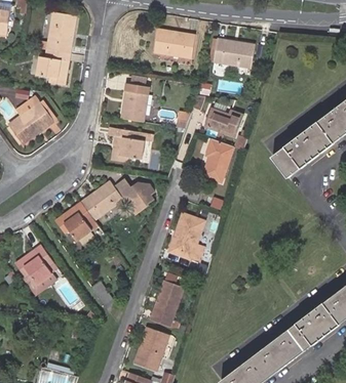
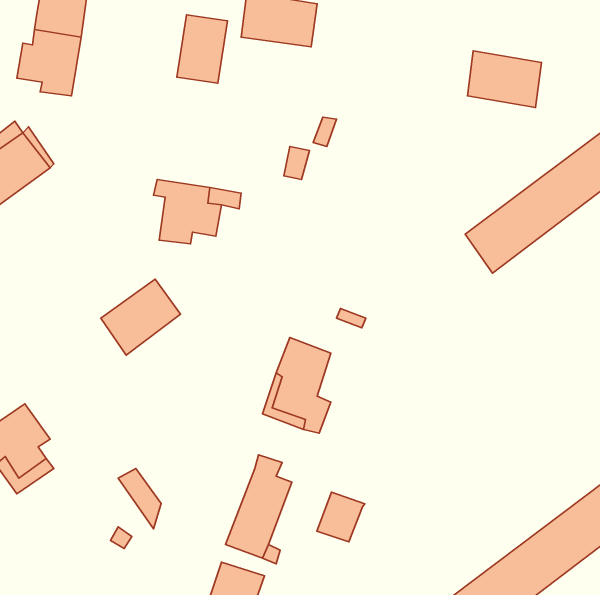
building: [215,38,254,68] -> [467,51,542,108]
building: [122,84,149,120] -> [177,15,228,83]
building: [203,105,241,134] -> none
building: [203,137,232,180] -> none
building: [116,178,155,215] -> none
building: [55,200,105,239] -> none
building: none -> [317,492,365,542]

